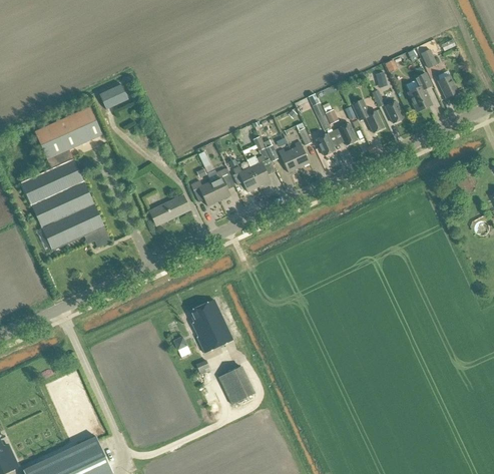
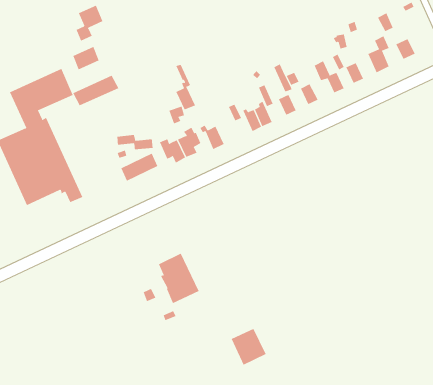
building: none -> [76,5,103,42]
building: none -> [72,75,119,106]
building: [250,138,271,186] -> [176,64,196,110]
building: none -> [117,134,153,150]
building: [217,366,255,405] -> [231,328,266,366]

